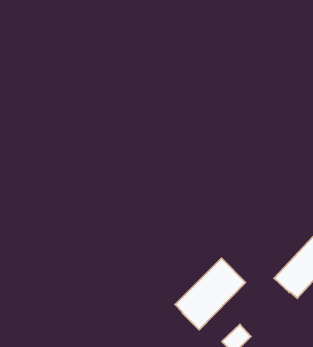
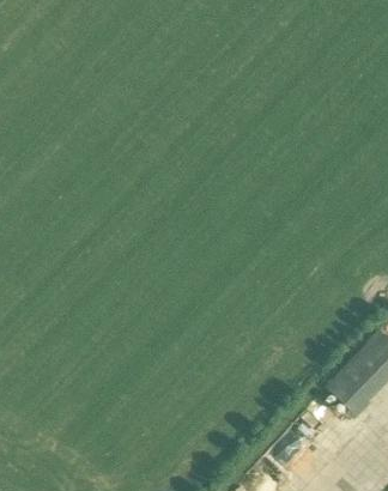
building: [175,258,245,330] -> none

